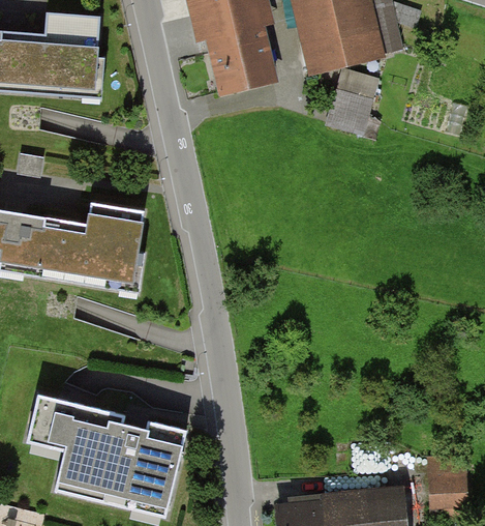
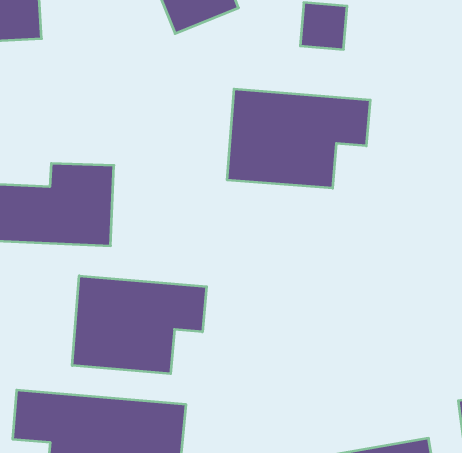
building: none -> [227,89,370,188]
building: none -> [72,276,207,374]

